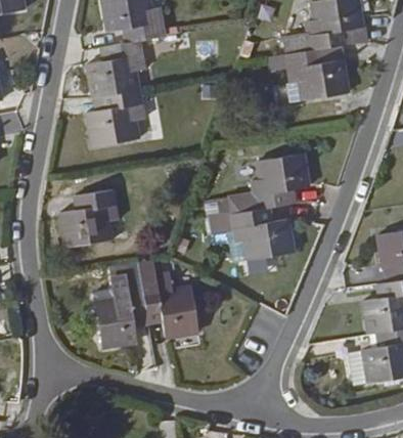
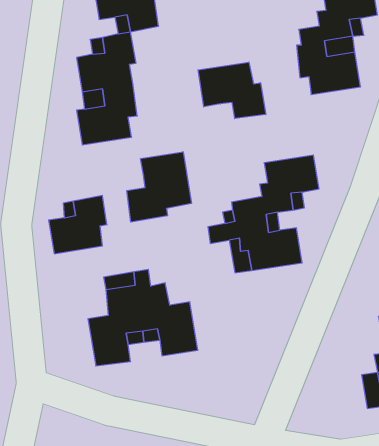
building: none -> [198,62,266,119]
building: none -> [127,152,192,222]

